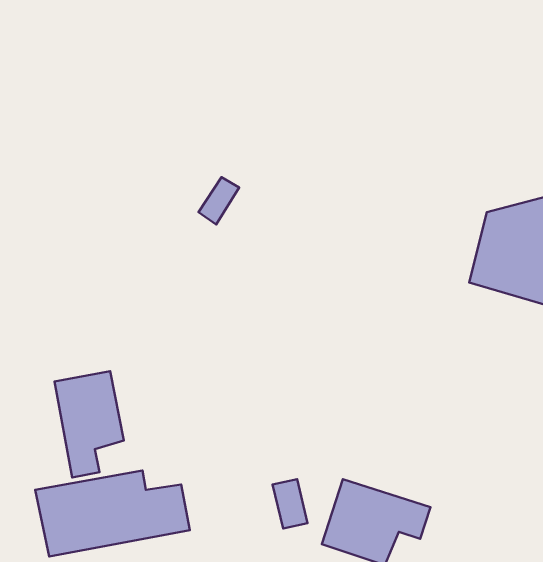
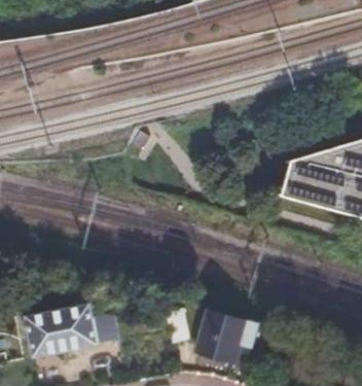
building: [55,371,124,478] -> none

